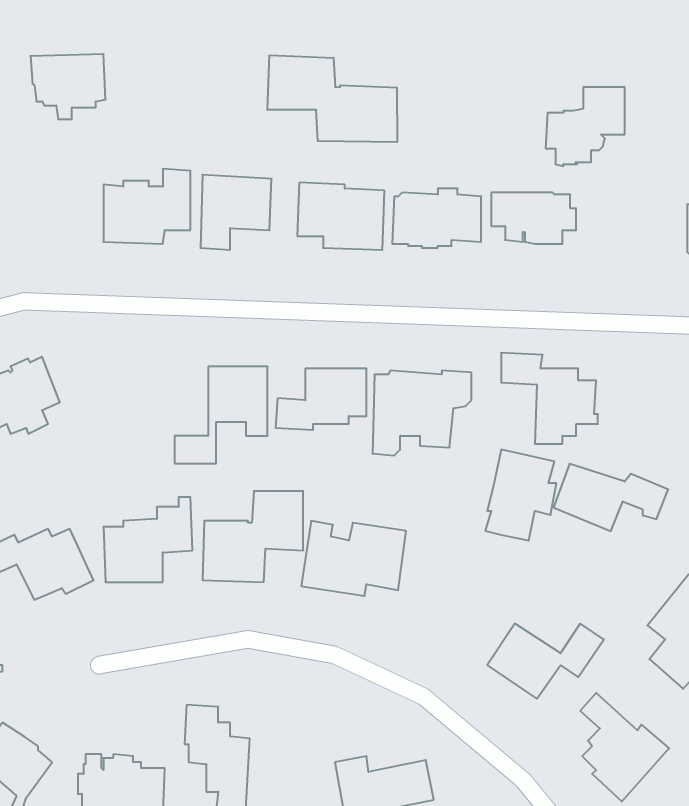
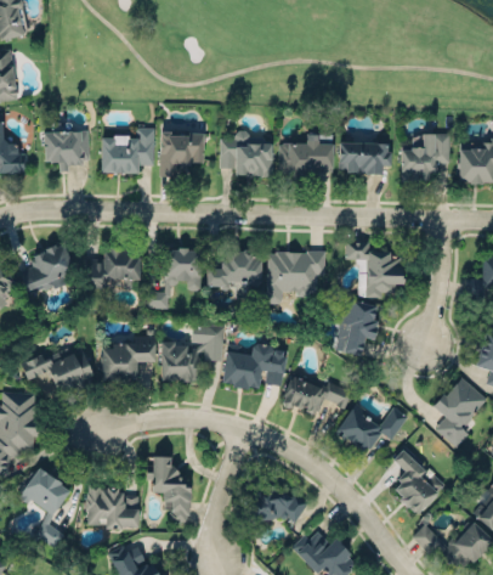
building: [30,54,106,119] -> [42,131,89,171]
building: [267,55,397,142] -> none
building: [546,87,625,166] -> [401,134,449,182]
building: none -> [87,247,141,288]
building: [554,464,668,531] -> [282,376,352,417]

